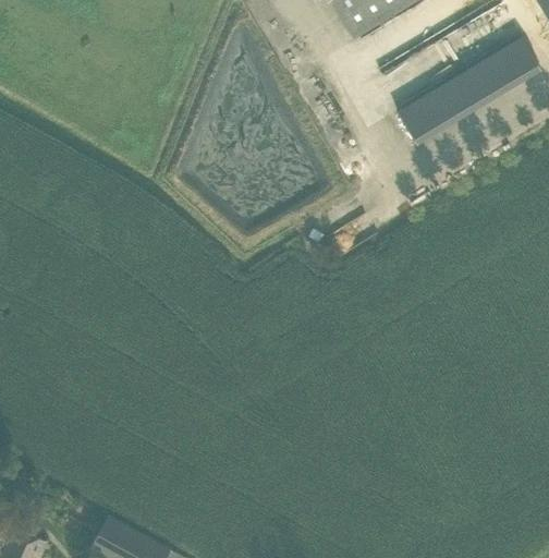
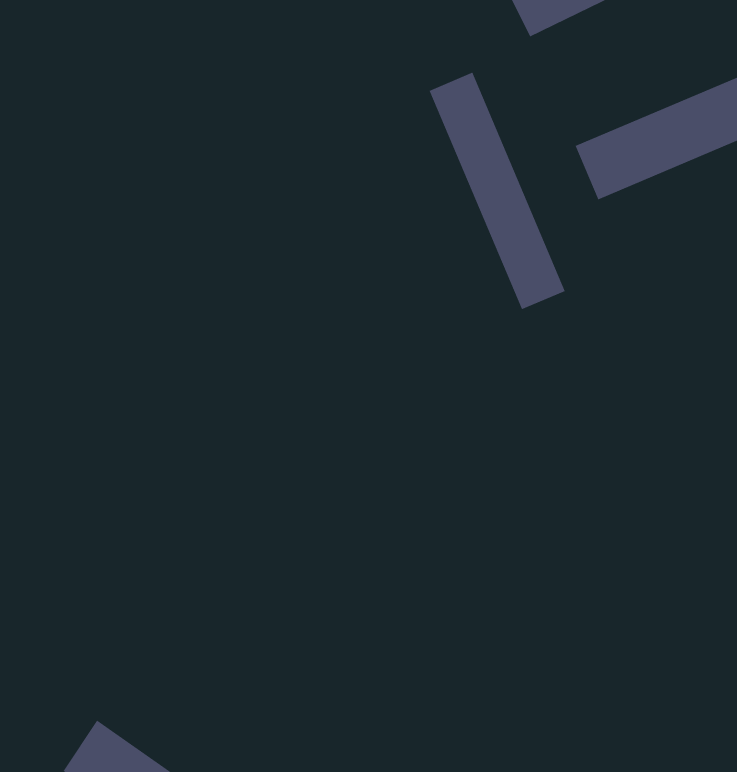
building: none -> [428,72,566,310]

